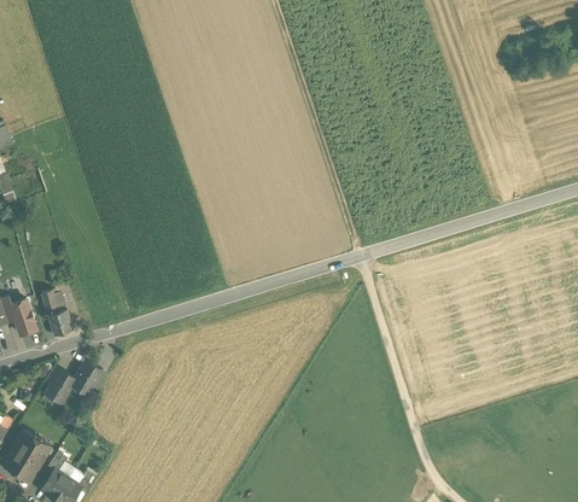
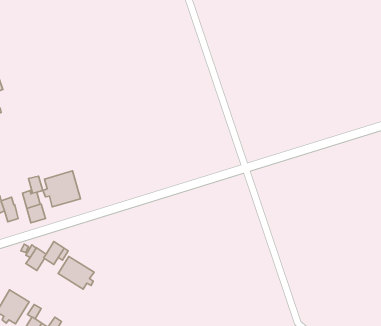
building: none -> [43,171,80,207]
building: none -> [58,256,94,289]

